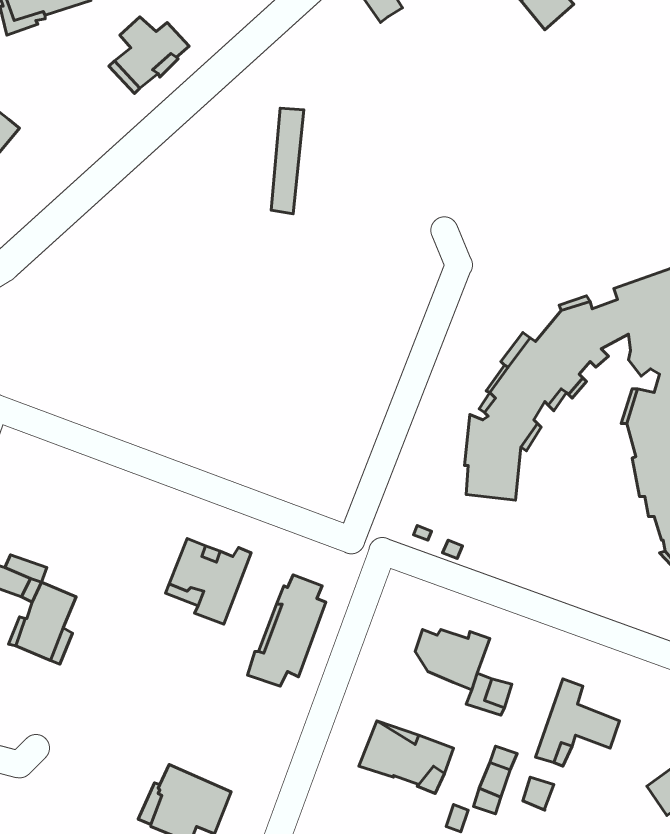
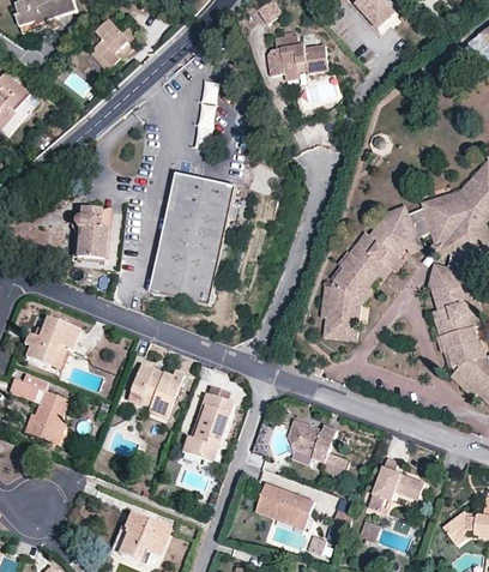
building: none -> [266,34,326,76]
building: none -> [150,173,235,305]
building: none -> [72,207,107,260]
building: none -> [23,317,79,369]

